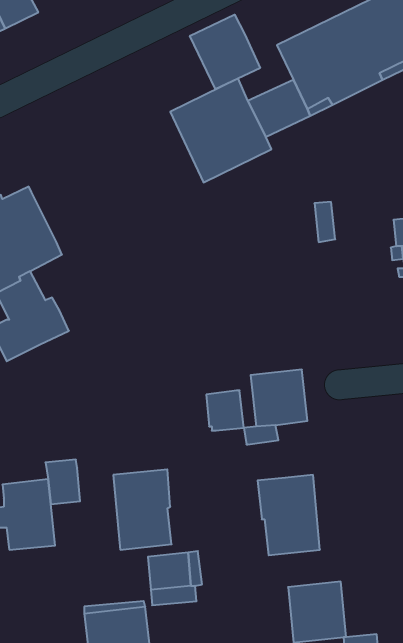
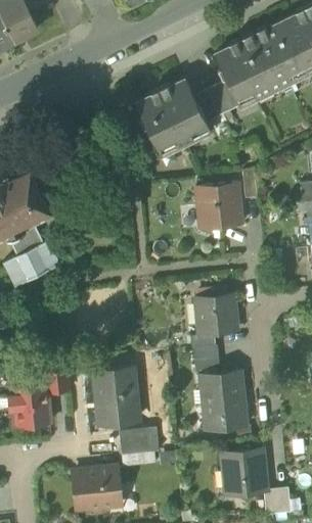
building: [190,15,260,89] -> none
building: none -> [195,183,241,229]
building: [206,390,244,431] -> [192,345,220,375]

